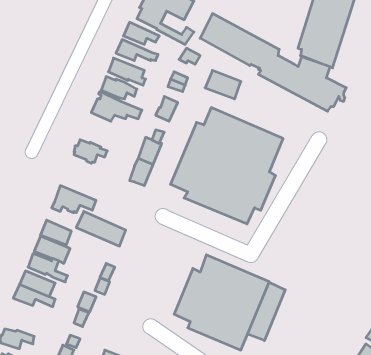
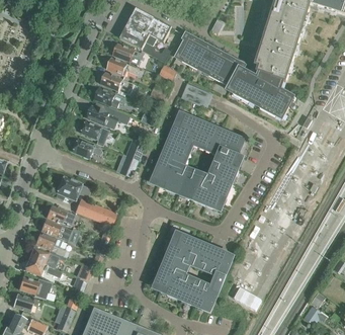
building: none -> [79,118,109,145]
building: [248,282,285,341] -> none
building: none -> [17,276,51,298]

